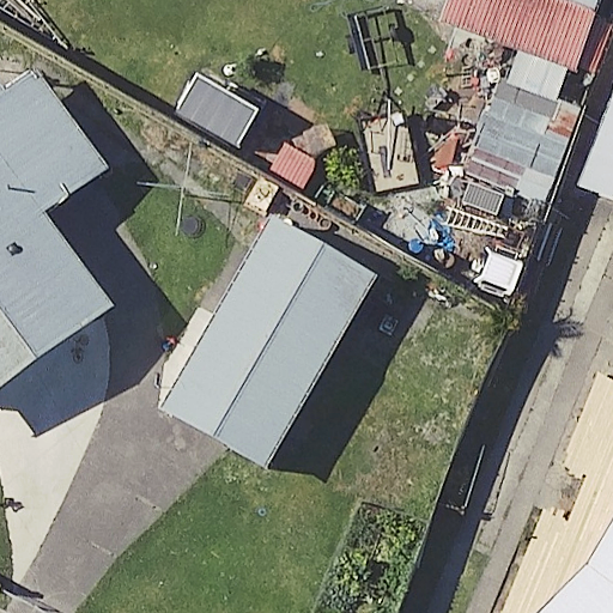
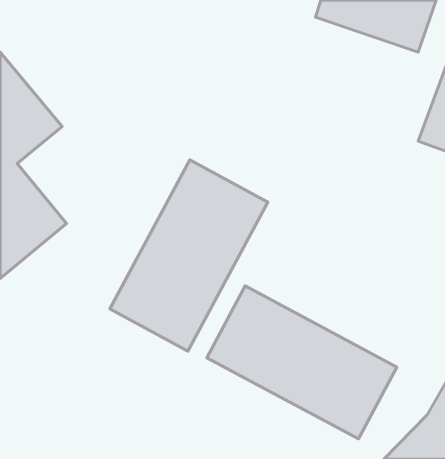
building: none -> [207,286,397,439]

